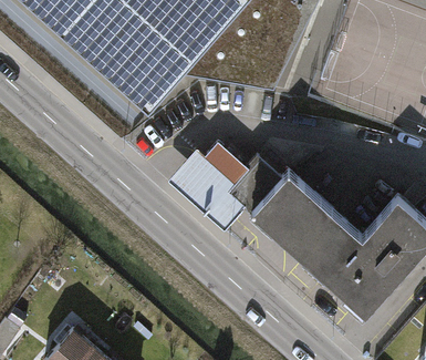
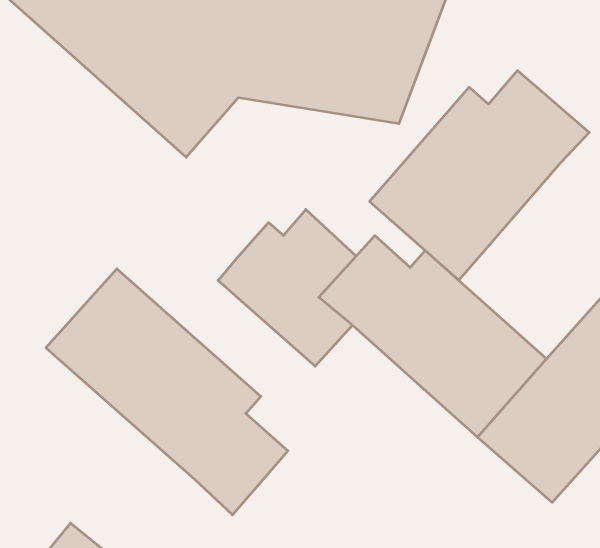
building: none -> [370,71,589,280]
building: none -> [46,269,288,515]

